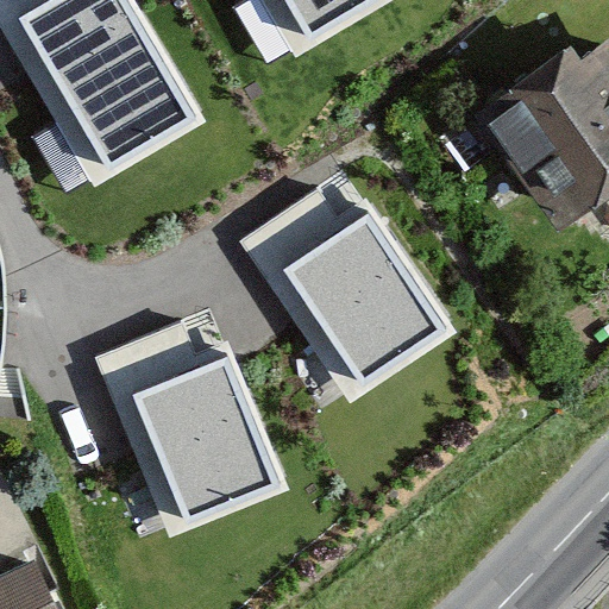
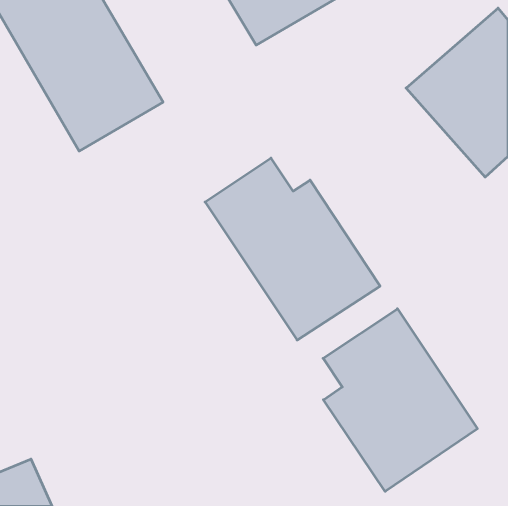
building: [95,319,277,535] -> none
building: none -> [323,309,477,491]

